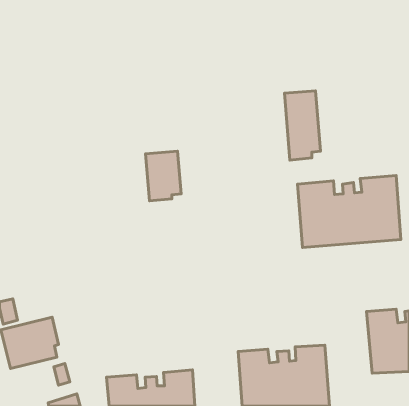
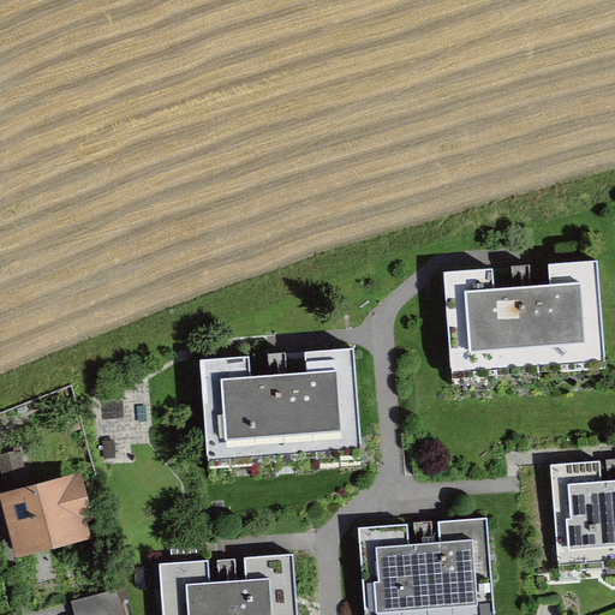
building: [284,91,321,160] -> none
building: [146,151,181,201] -> none
building: none -> [202,347,357,455]

